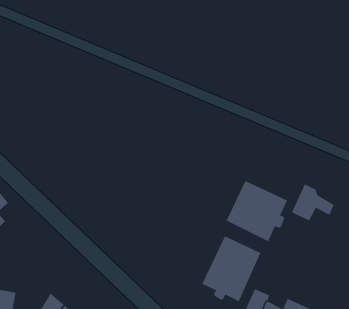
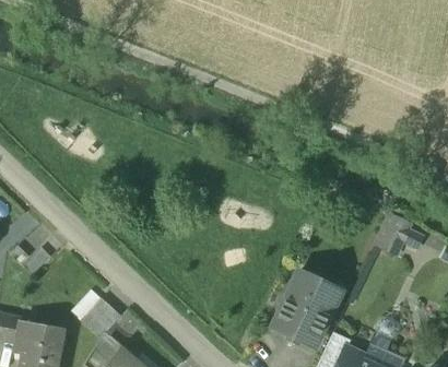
building: [226,180,288,242] -> none
building: none -> [81,297,121,339]

